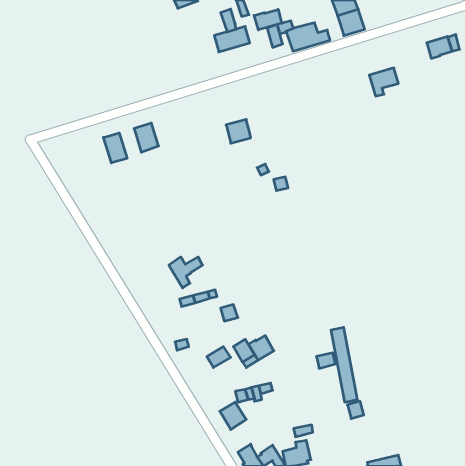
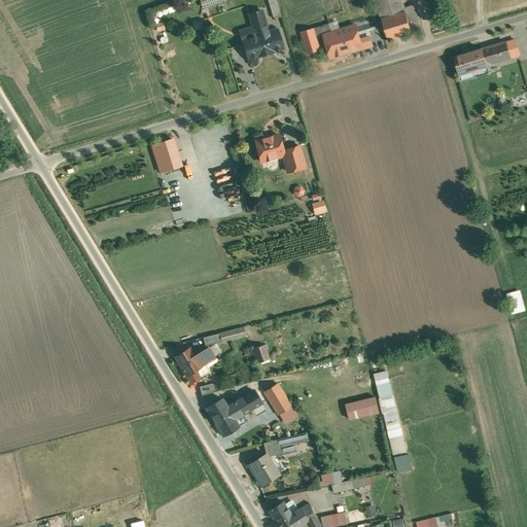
building: [254,9,282,30] -> none
building: [369,68,398,96] -> [454,48,487,80]
building: none -> [282,146,304,172]
building: [103,133,127,163] -> none
building: [169,257,203,288] -> [175,348,213,383]
building: [249,336,274,360] -> none
building: none -> [206,398,241,435]

